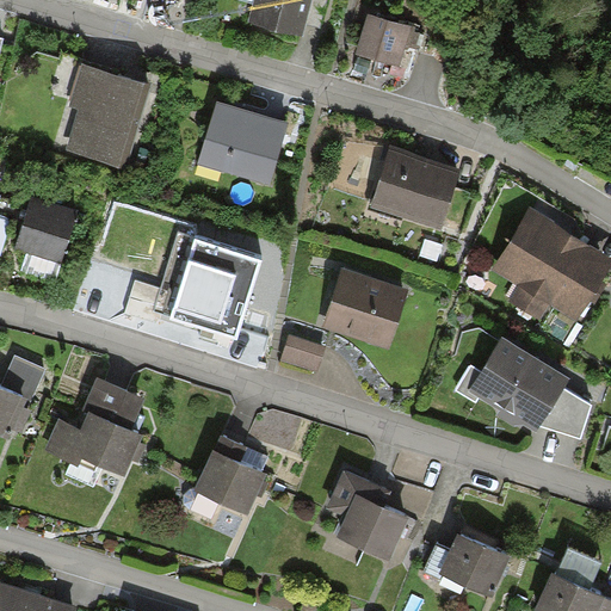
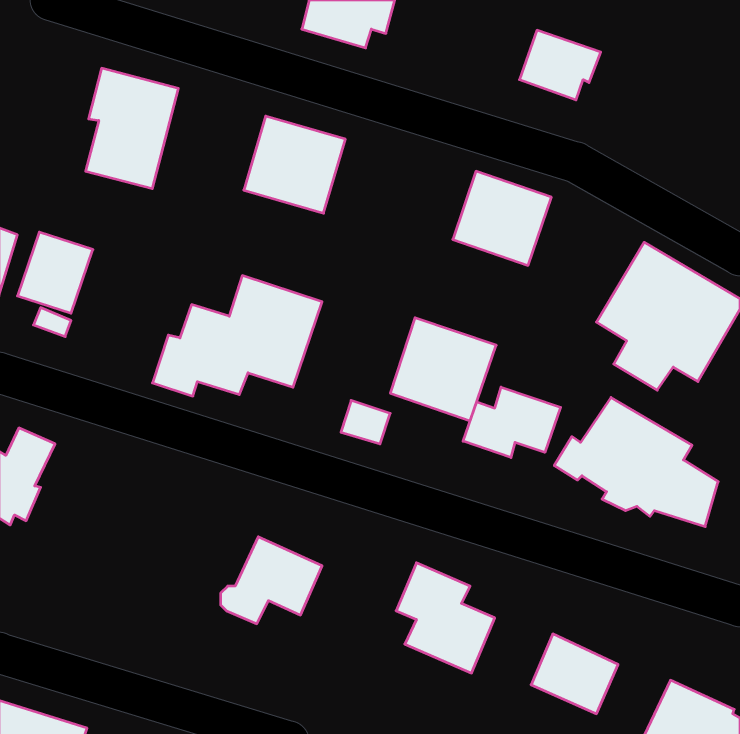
building: [354,20,421,78] -> [519,30,601,100]
building: none -> [463,387,561,458]
building: [44,379,144,473] -> none

